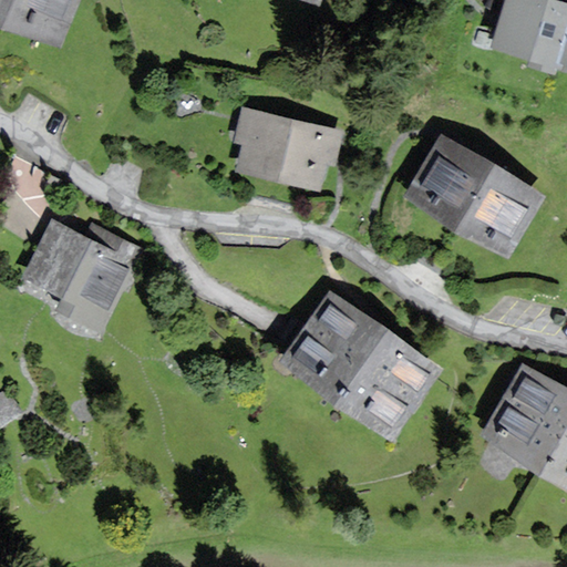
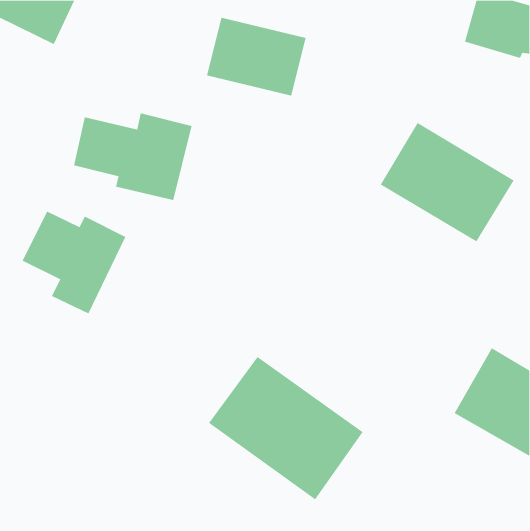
building: [229,106,336,190] -> [206,17,306,96]
building: none -> [73,112,192,201]
building: [280,289,445,442] -> [208,356,364,500]

